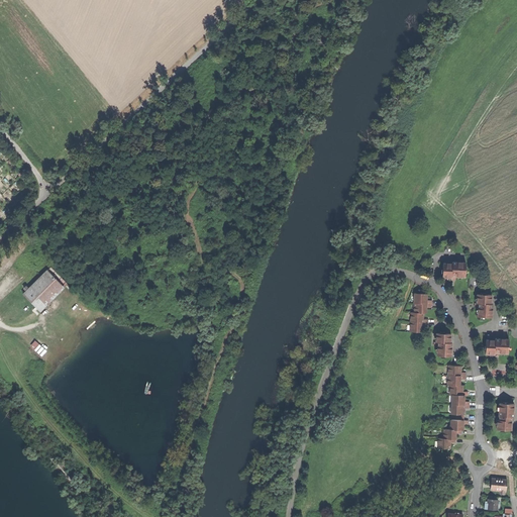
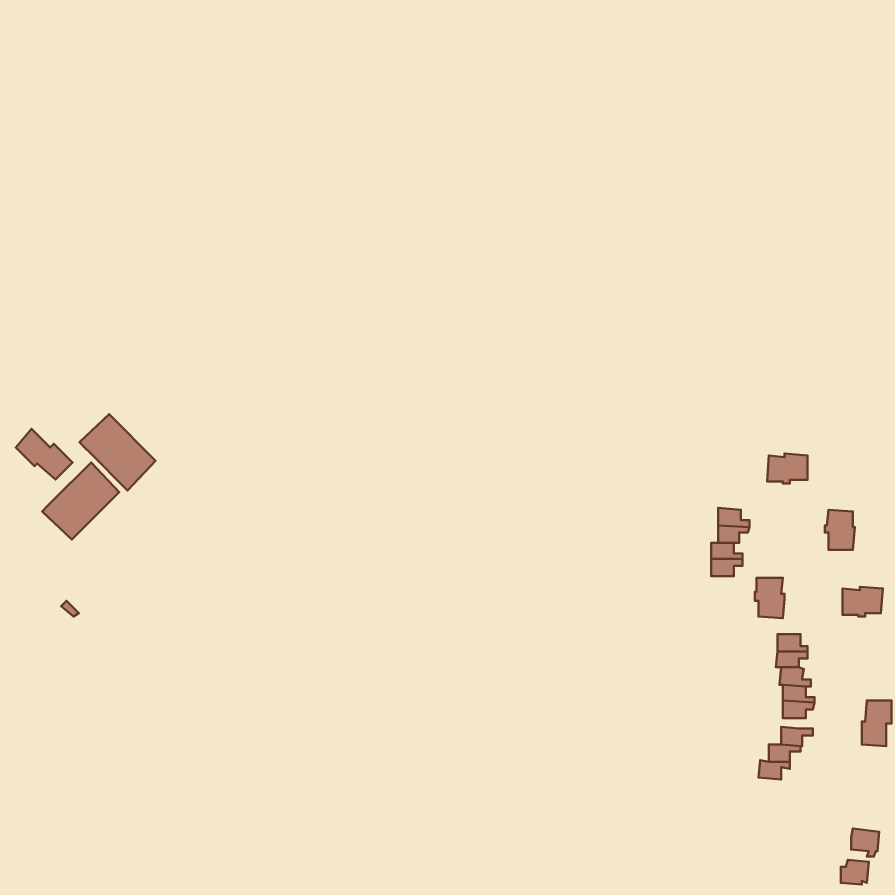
building: none -> [79,414,156,491]
building: none -> [16,429,73,480]

